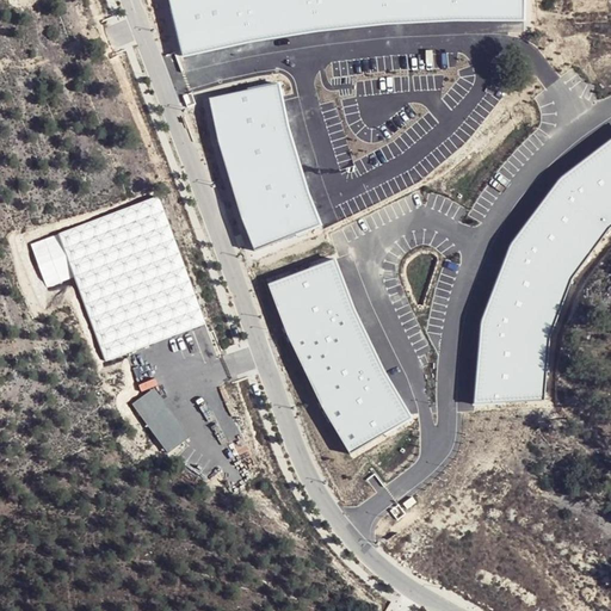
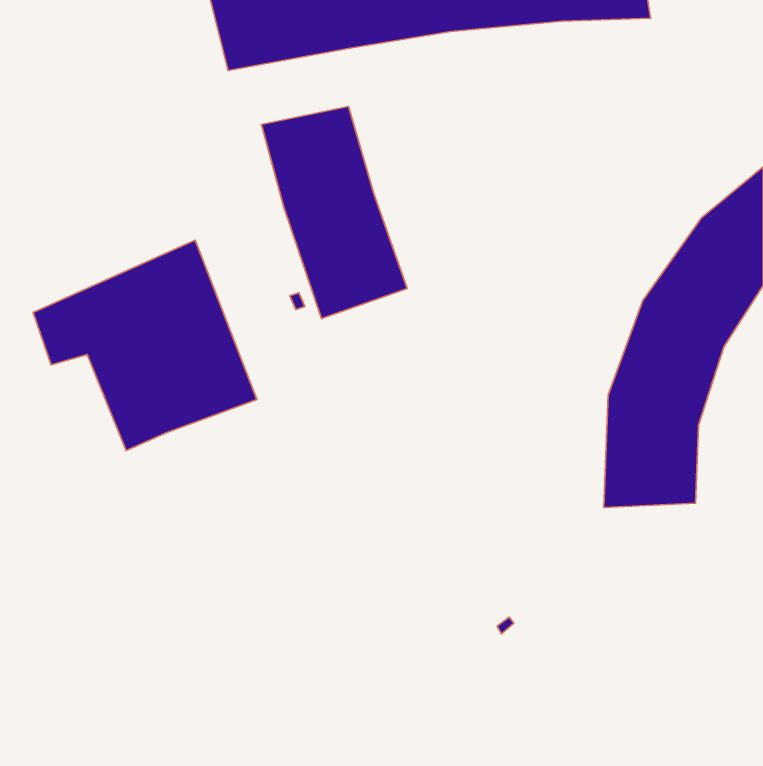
building: [269,253,414,448] -> none
building: [128,389,185,450] -> none

